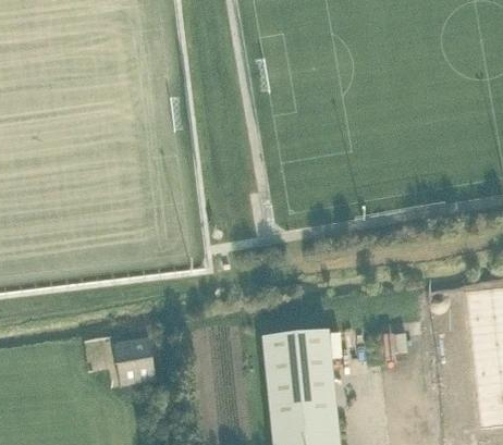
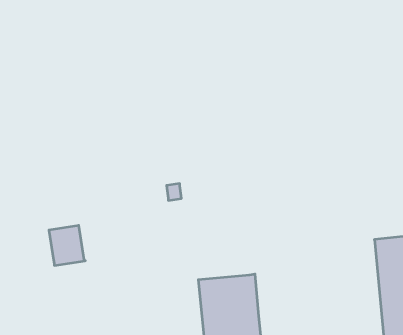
building: [114,339,157,386] -> [49,225,85,265]

